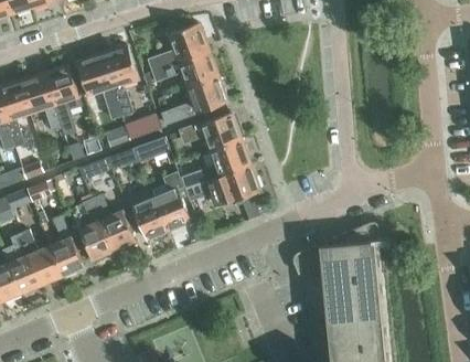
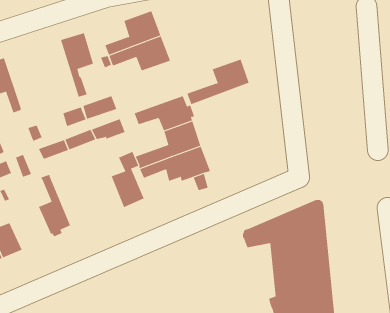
building: [76,54,120,118] -> none
building: [43,65,78,126] -> none
building: [160,76,226,125] -> [186,59,250,105]
building: [92,195,135,249] -> none
building: [132,198,168,239] -> none
building: [49,216,83,275] -> none

